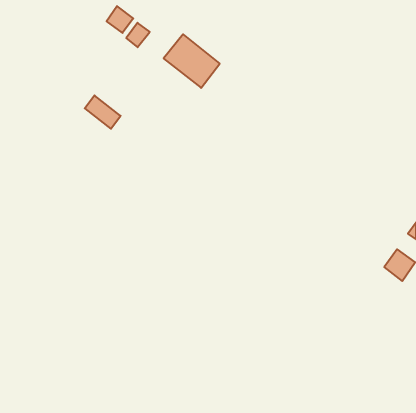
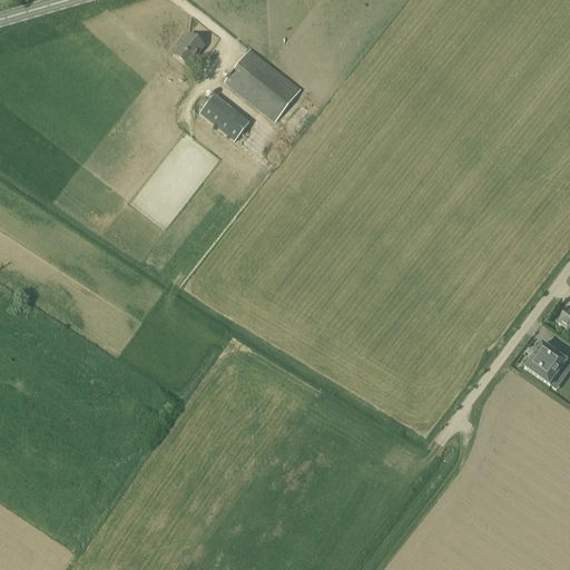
building: [107,6,133,33] -> none
building: [85,95,121,129] -> [199,94,248,139]

